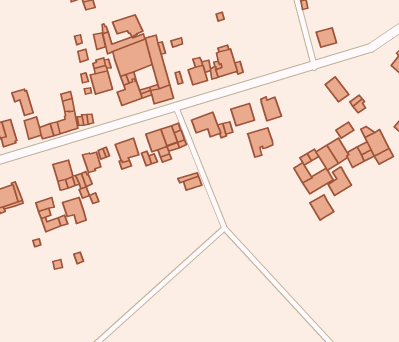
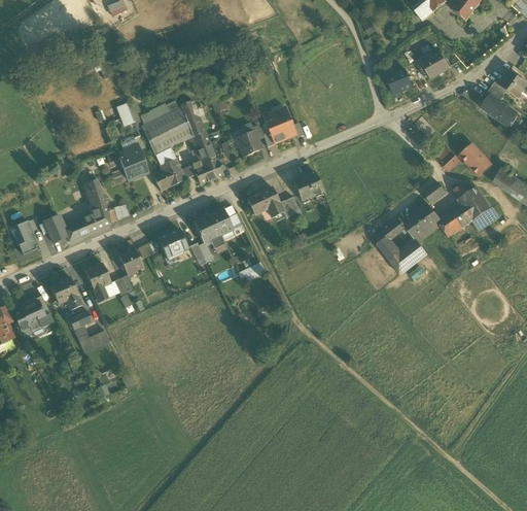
building: [113,15,143,37] -> none
building: none -> [420,52,449,77]
building: [325,77,349,102] -> [460,144,490,174]
building: [12,89,33,116] -> none
building: [261,97,281,121] -> none
building: [248,128,273,157] -> none
building: [328,167,352,195] -> none
building: [310,195,334,220] -> none
building: [63,197,86,224] -> [51,277,82,309]

